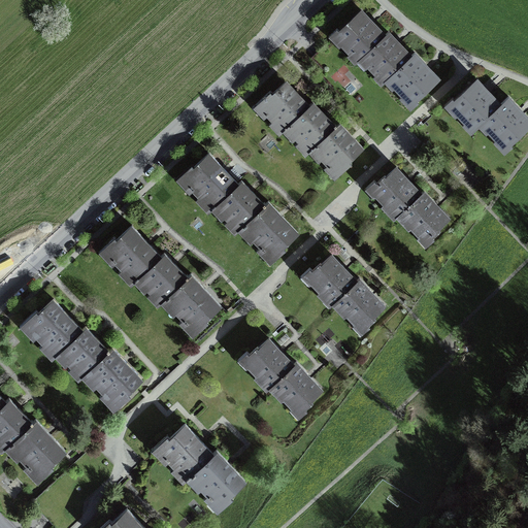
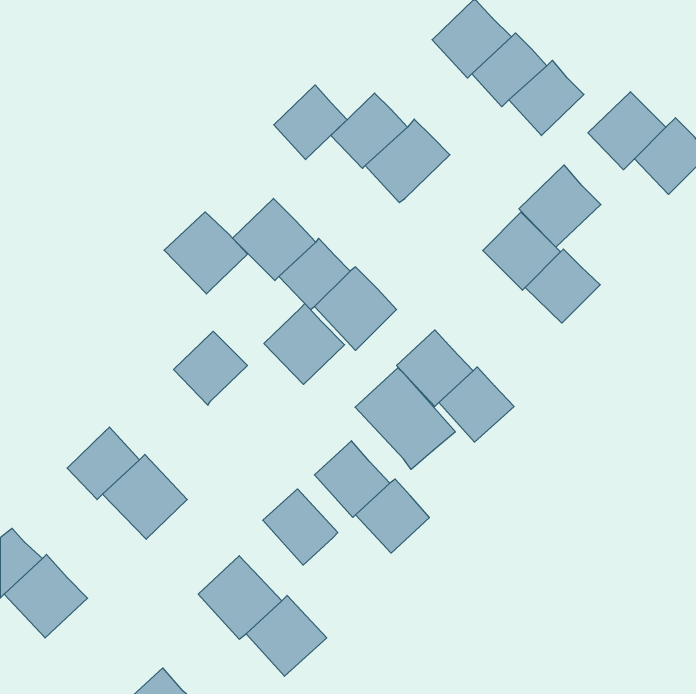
building: none -> [274,85,347,160]
building: [307,121,369,183] -> [519,165,601,247]
building: [98,224,161,286] -> [164,212,247,294]
building: [161,276,222,337] -> [264,304,345,384]
building: none -> [355,368,455,469]
building: [18,296,81,360] -> none
building: none -> [263,489,338,565]

